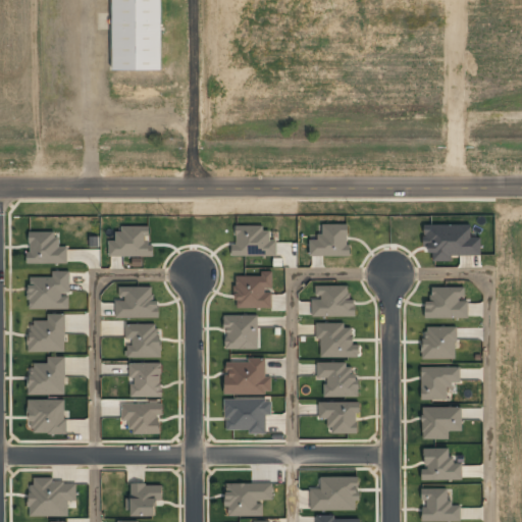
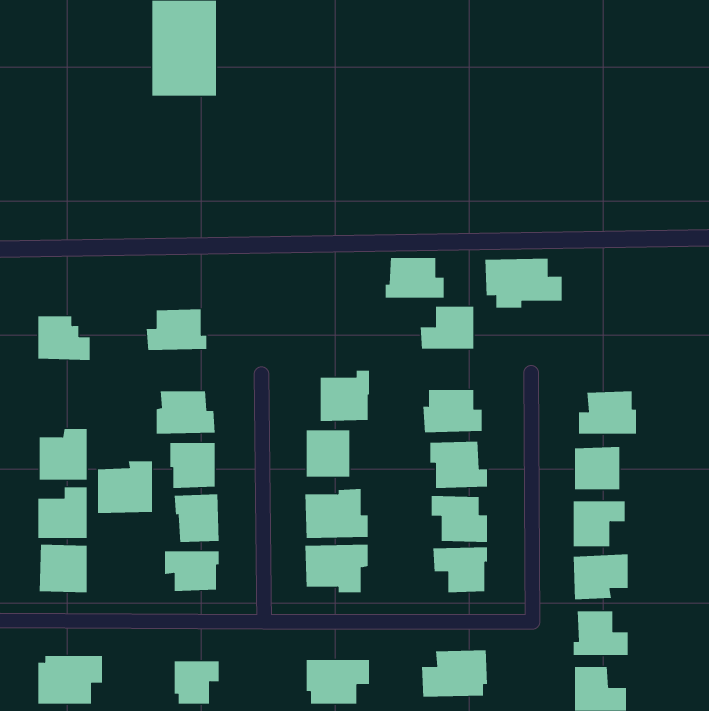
building: [423,224,480,261] -> [485,258,562,308]
building: [231,226,275,256] -> [385,258,444,298]
building: [28,271,68,310] -> [97,461,153,514]

